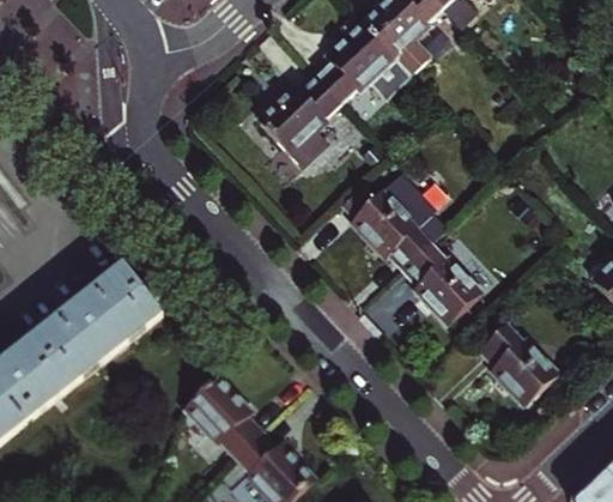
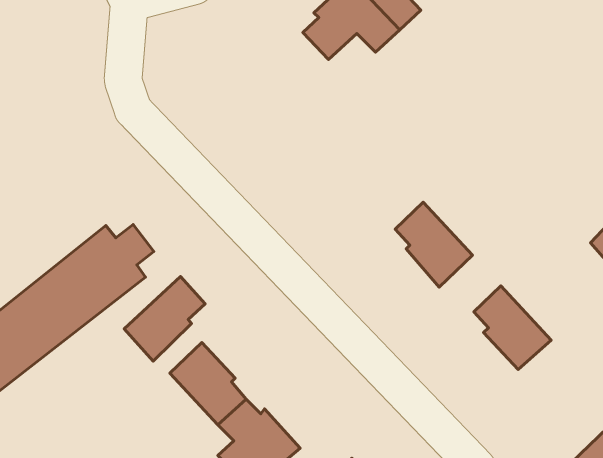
building: [259,78,341,170] -> none
building: [351,174,447,270] -> none
building: none -> [124,276,205,361]

